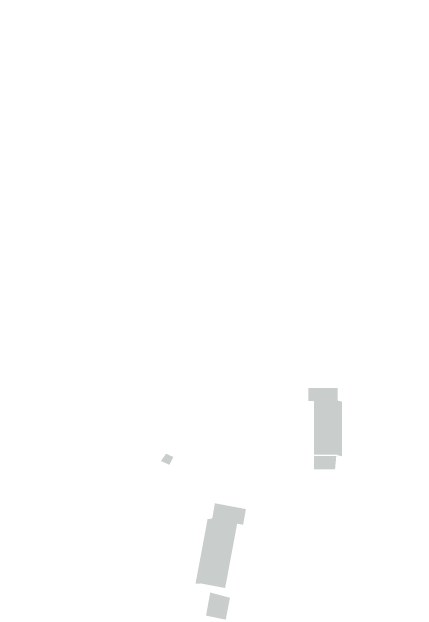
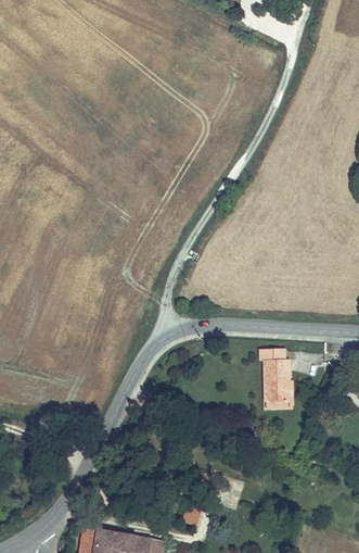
building: [195,503,247,589] -> none

